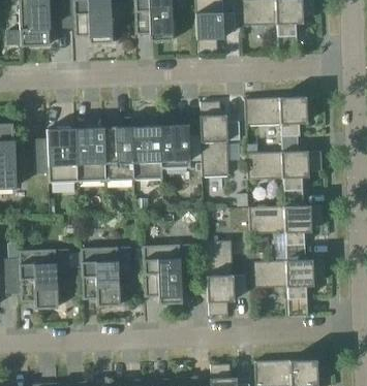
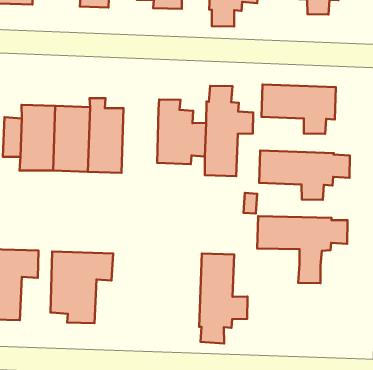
building: [132,118,163,180] -> none
building: [144,244,194,304] -> none
building: [252,259,328,299] -> none

